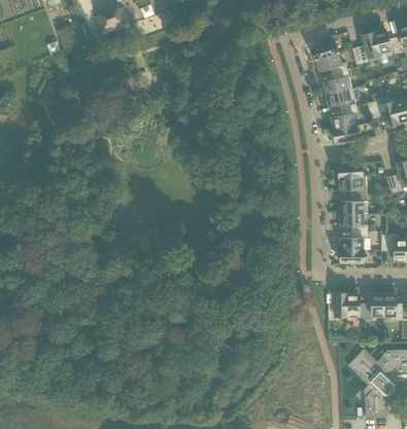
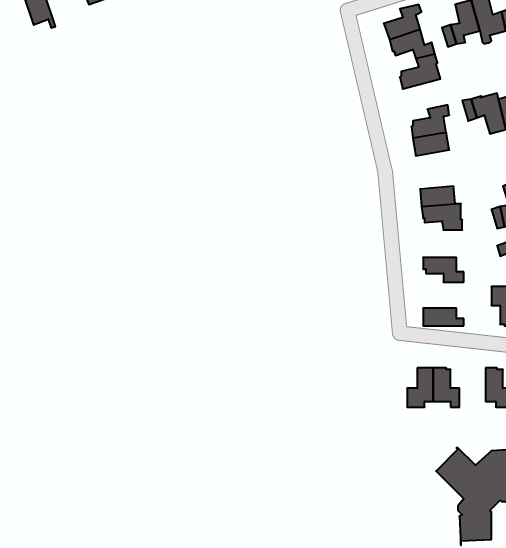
building: [324,86,359,109] -> none
building: [338,194,367,214] -> none
building: [338,231,367,250] -> none
building: [364,292,382,320] -> none

